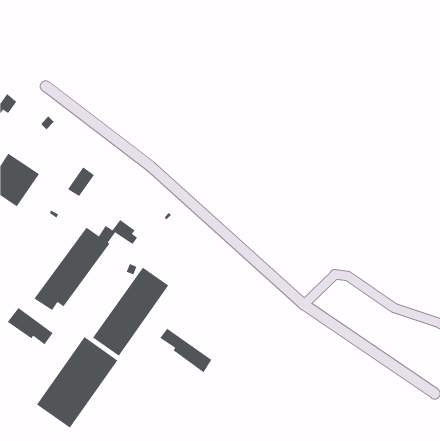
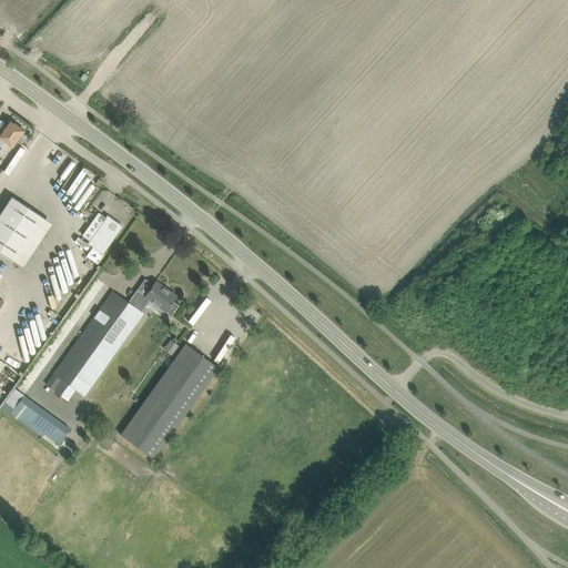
building: [160,328,212,373] -> none
building: [36,336,118,429] -> none

